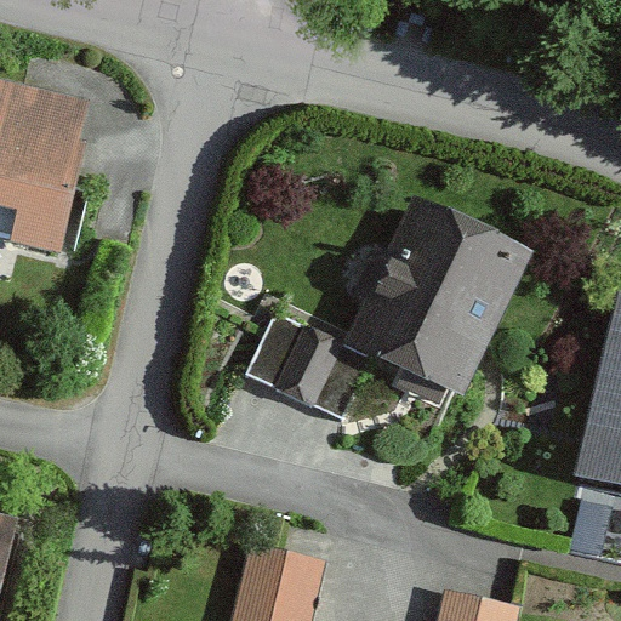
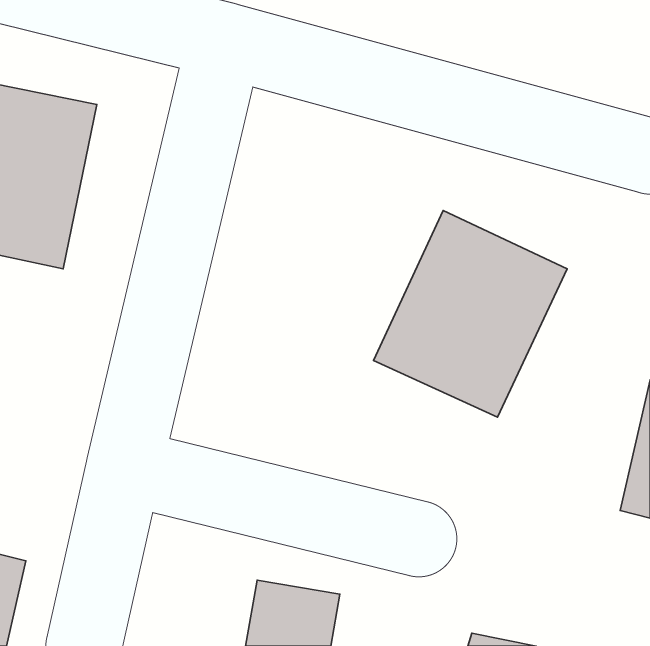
building: [243,313,337,401] -> none

